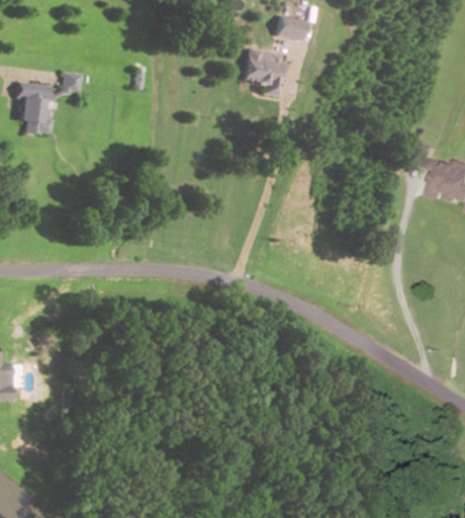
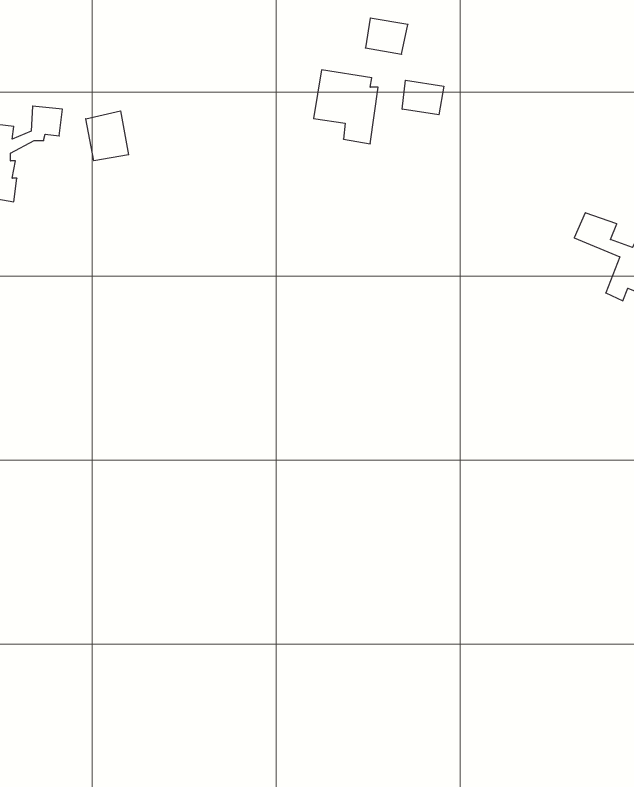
building: none -> [402,80,444,115]
building: none -> [86,111,129,161]

